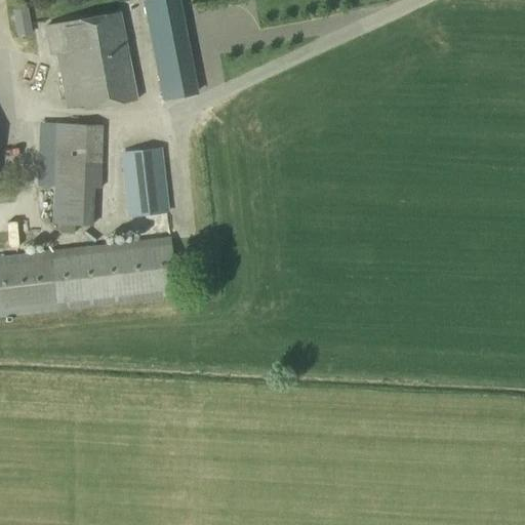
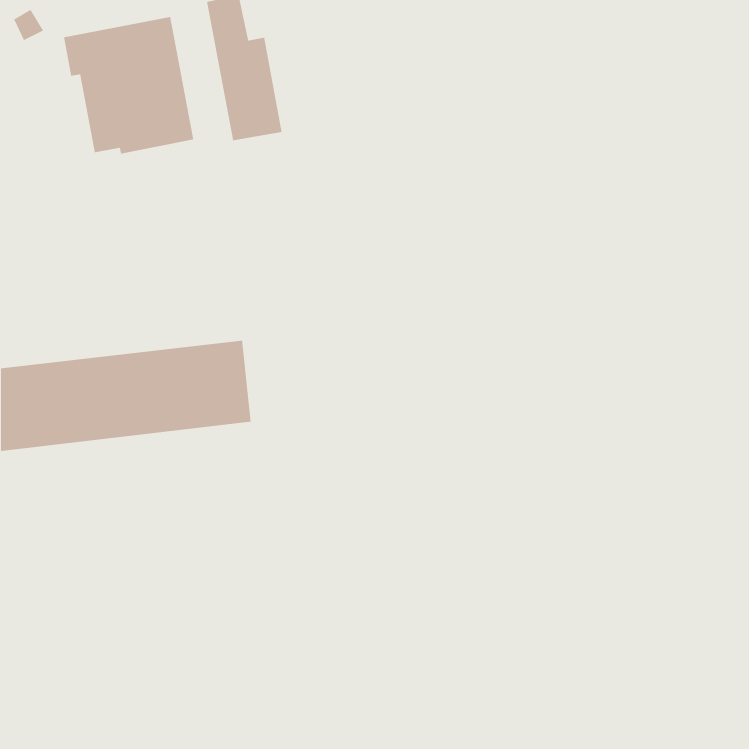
building: [38,121,104,226] -> none
building: [121,146,169,216] -> none

